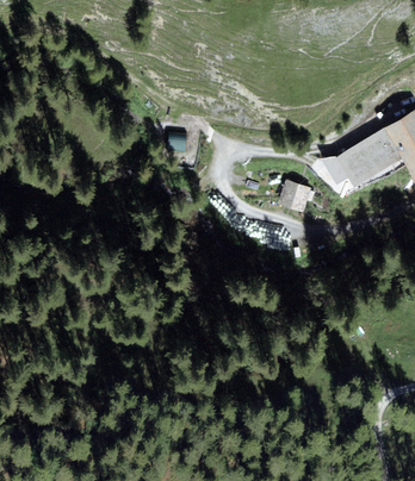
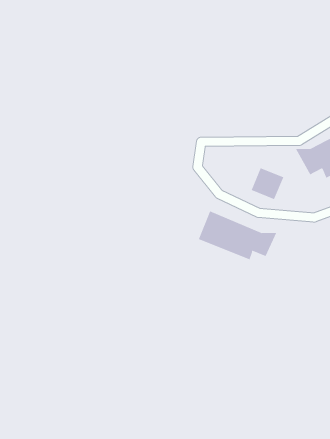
building: none -> [198,211,277,260]

